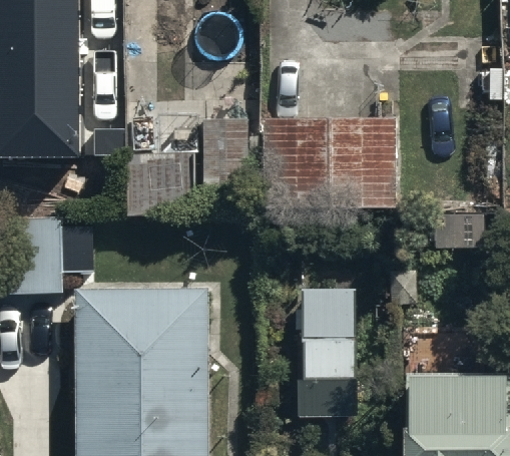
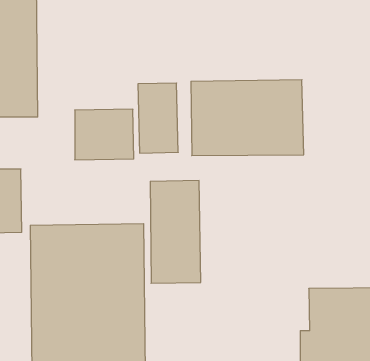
building: [297,286,357,408] -> [150,181,201,283]

